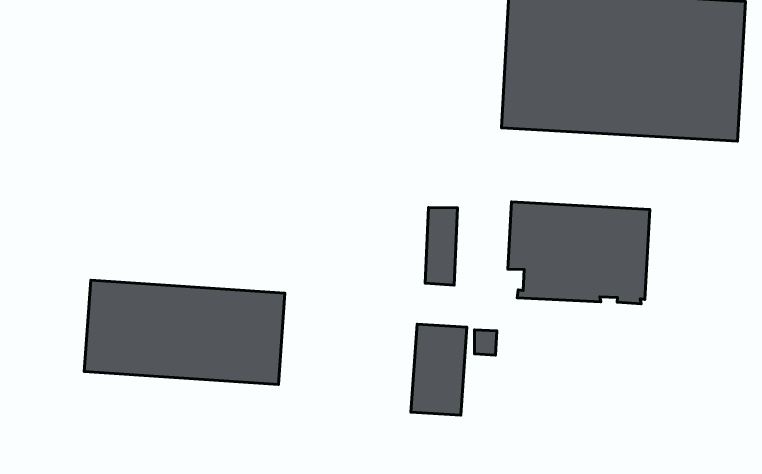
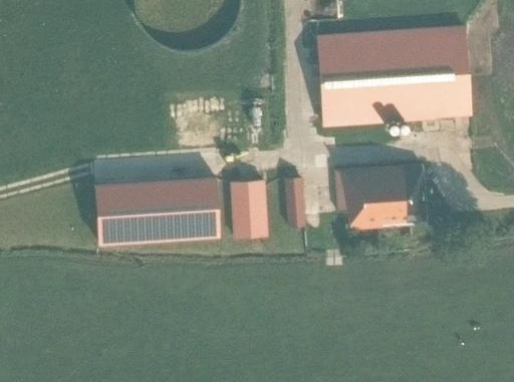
building: [84,280,285,384] -> [95,176,220,241]
building: [411,324,467,415] -> [233,179,267,237]

